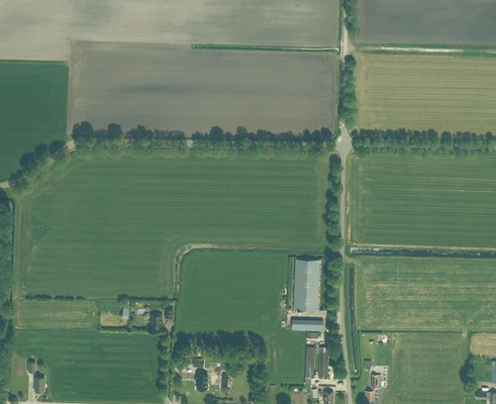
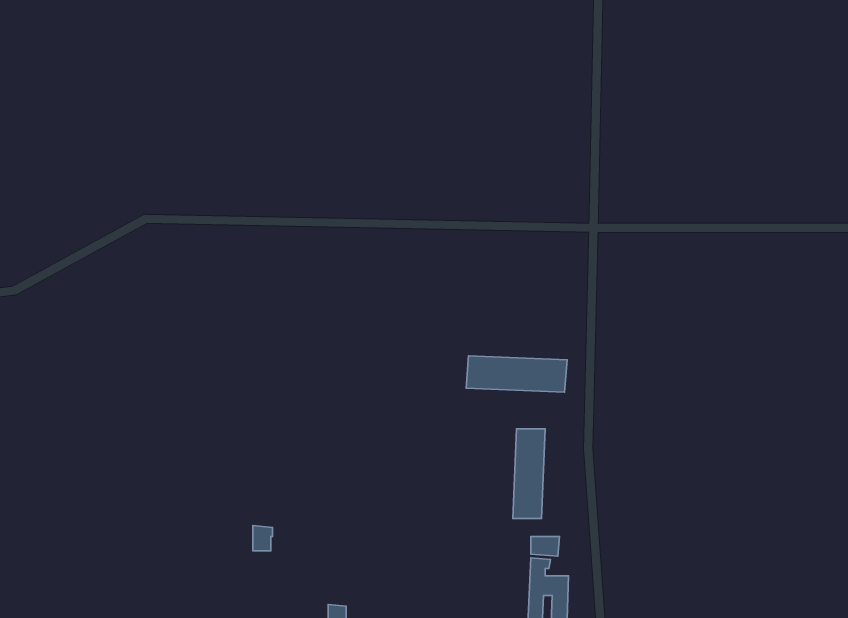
building: none -> [466,356,567,392]

